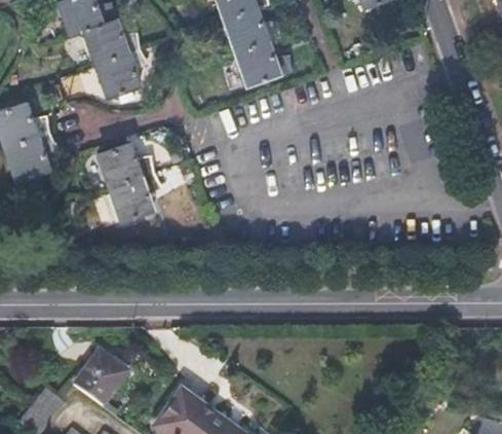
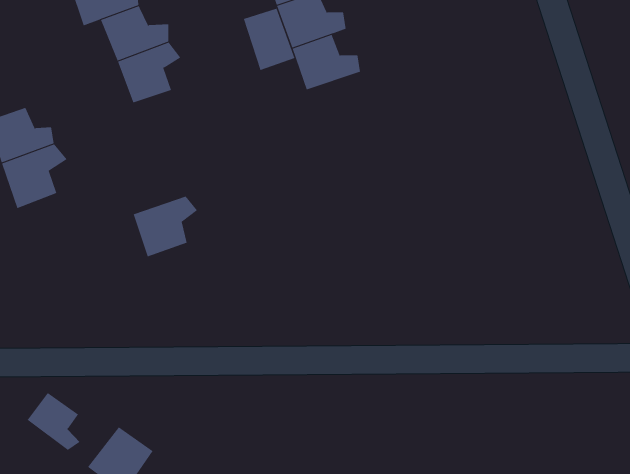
building: none -> [243,8,295,71]
building: [98,141,152,185] -> none
building: none -> [27,392,81,451]

